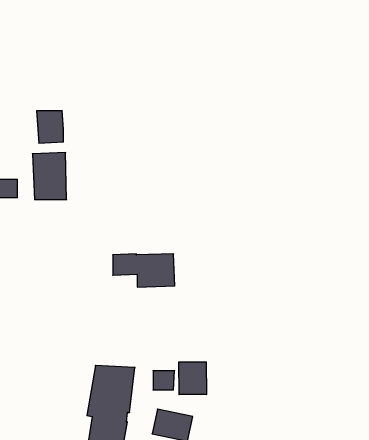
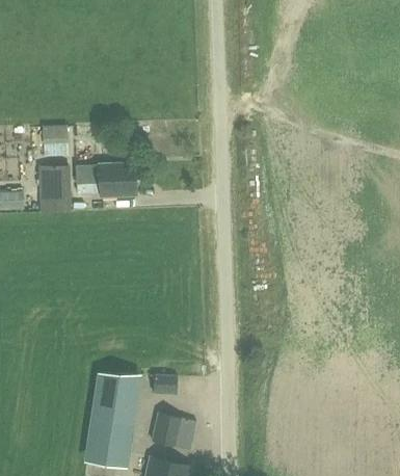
building: [113,254,175,287] -> [76,163,136,195]
building: [179,362,206,395] -> none

